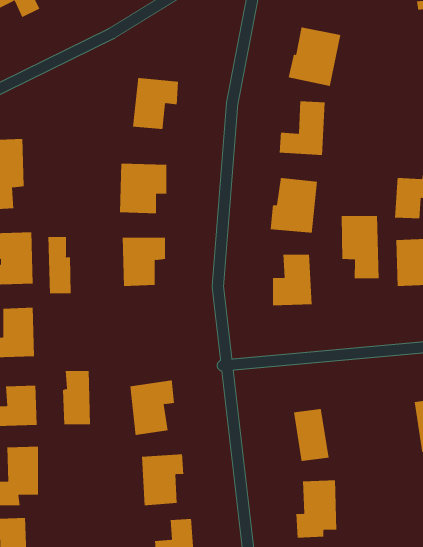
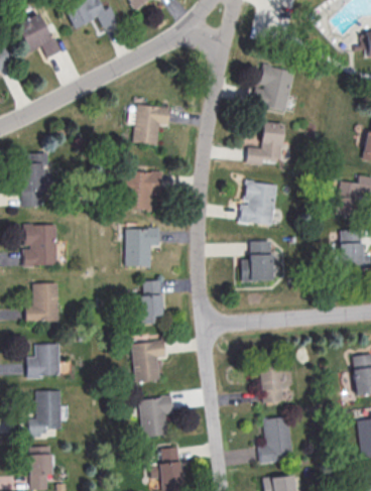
building: [341,215,379,279] -> none
building: [48,236,71,294] -> none
building: [62,370,91,425] -> [140,280,162,323]

